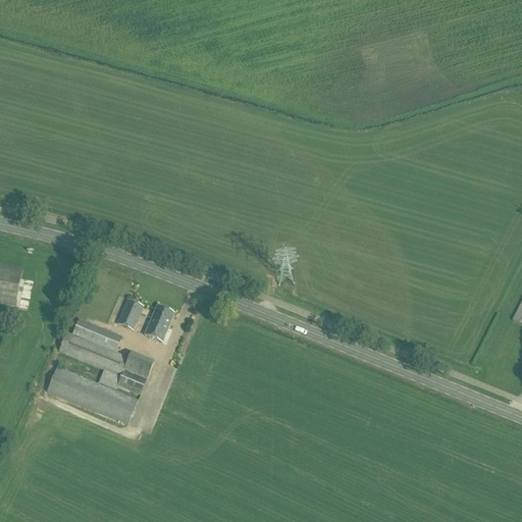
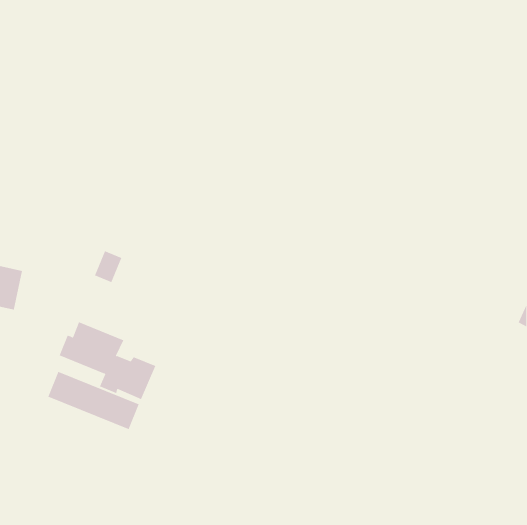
building: [116,298,144,329] -> [94,251,122,283]
building: [144,305,173,342] -> none

